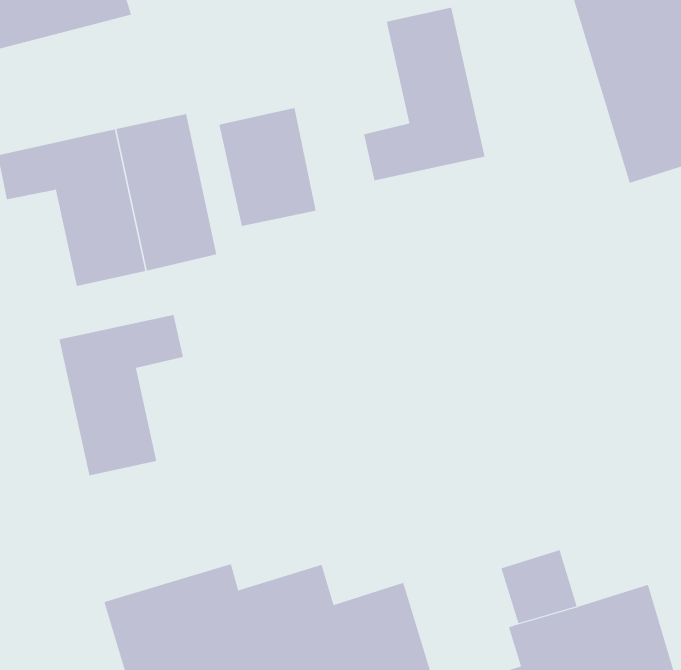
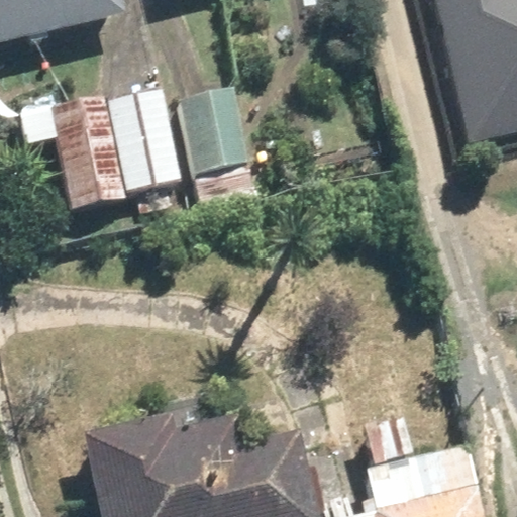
building: [363,7,485,181] -> none
building: [59,314,184,476] -> none

